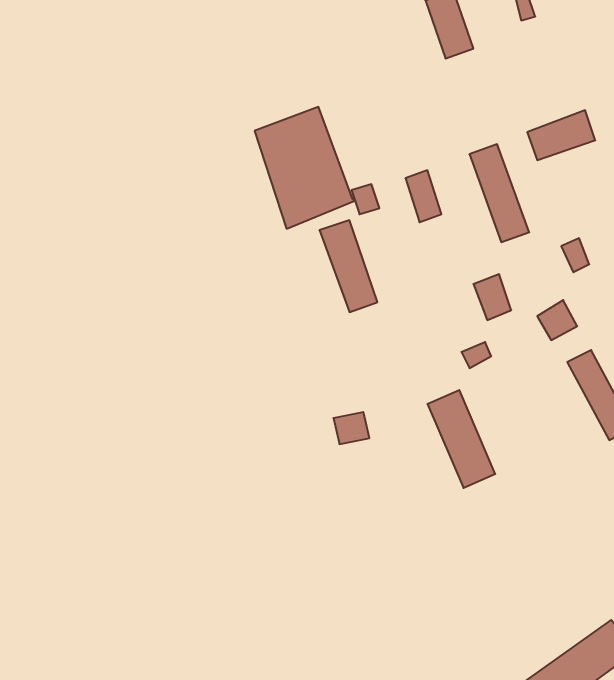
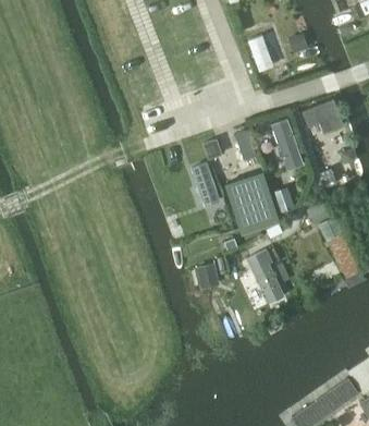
building: [255,107,355,229] -> [224,170,279,236]

